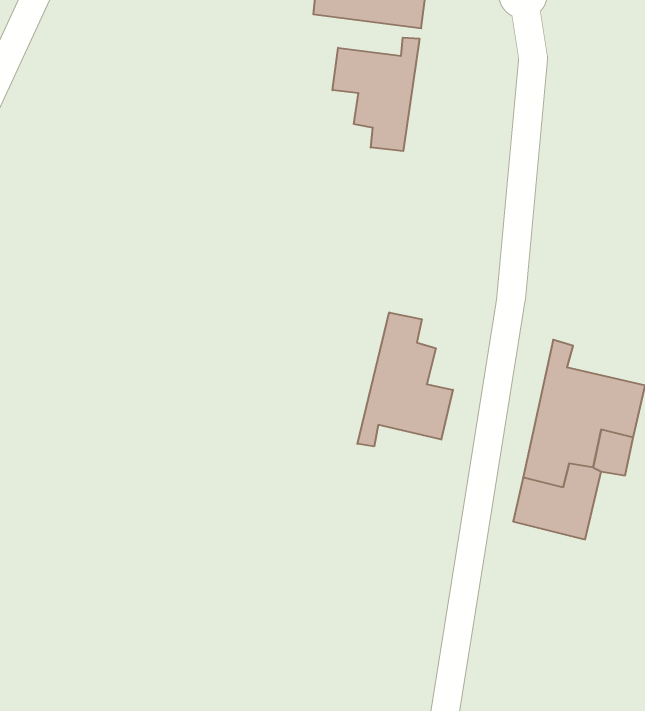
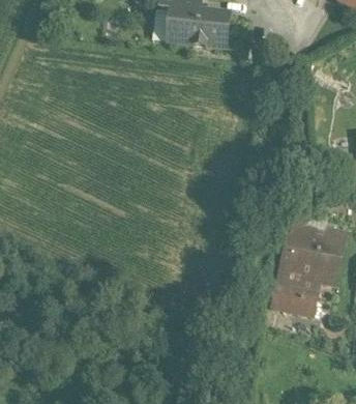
building: [333,38,419,151] -> none
building: [357,312,453,446] -> none

